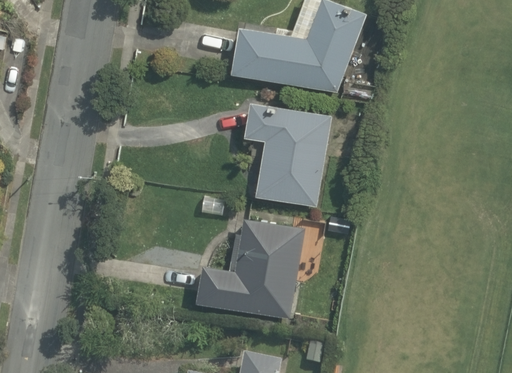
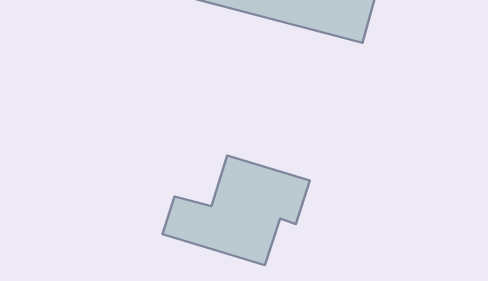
building: [241,100,330,207] -> none

